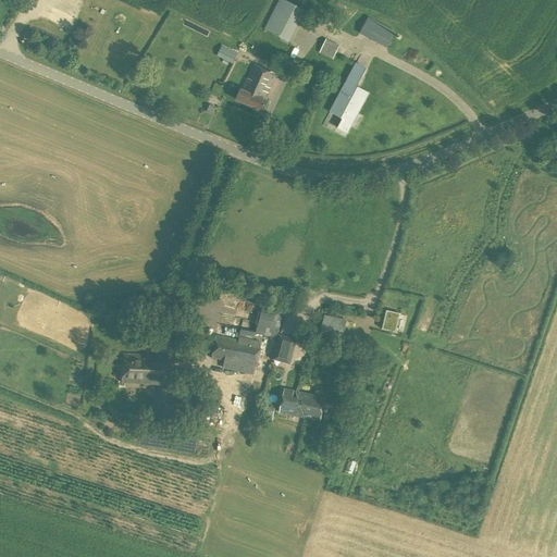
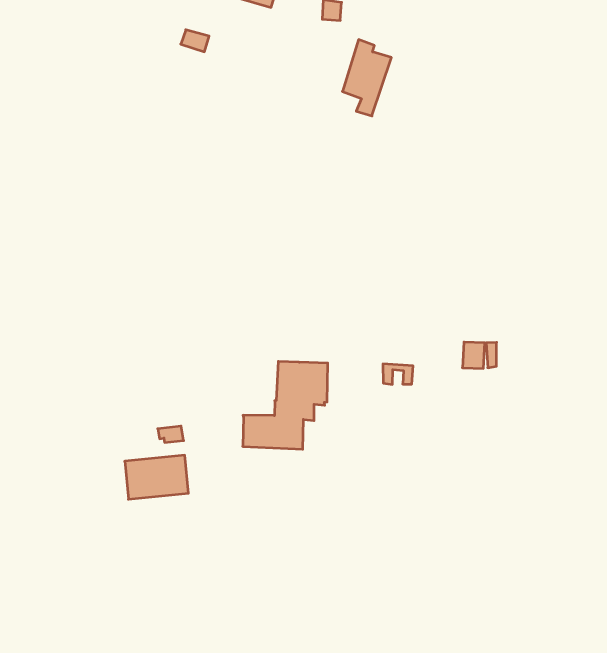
building: [236,65,275,112] -> none
building: [272,335,297,364] -> none
building: [278,388,325,422] -> none

